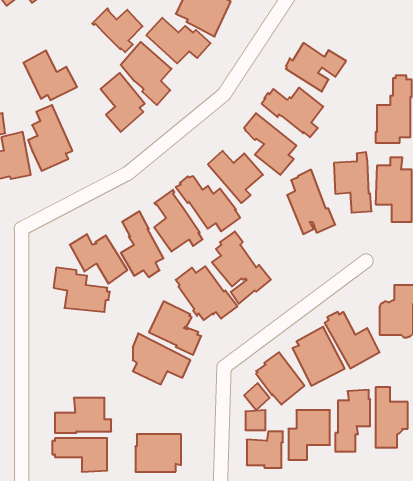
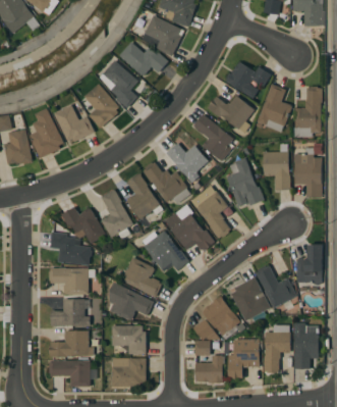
building: [92,8,143,52] -> none
building: [23,51,77,100] -> [54,104,95,142]
building: none -> [256,84,291,132]
building: none -> [190,185,230,239]
building: none -> [48,267,94,295]
building: none -> [50,299,89,326]
building: none -> [111,325,146,354]

